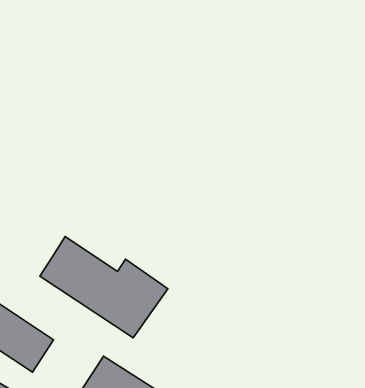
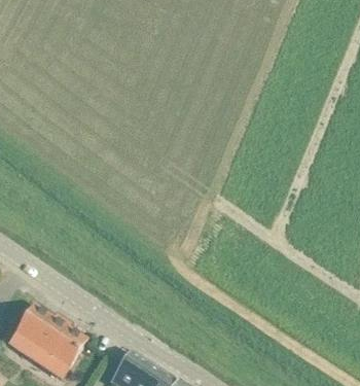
building: [40,237,168,338] -> none

